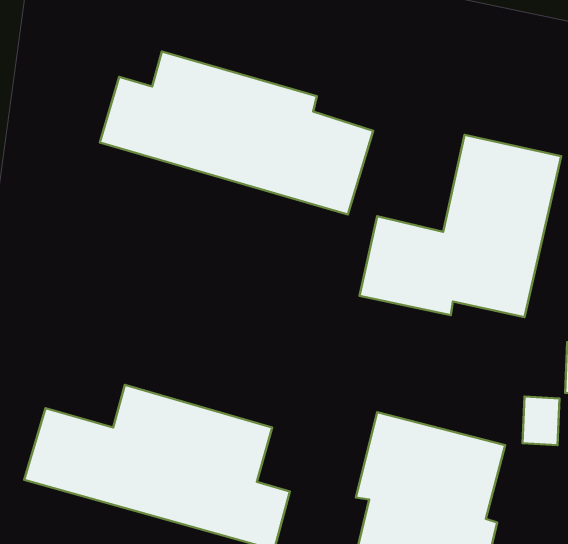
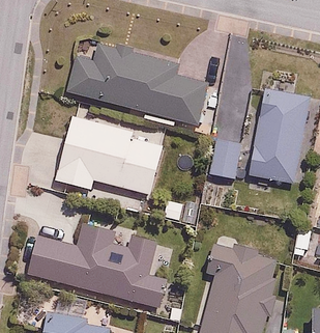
building: none -> [53,113,167,196]

